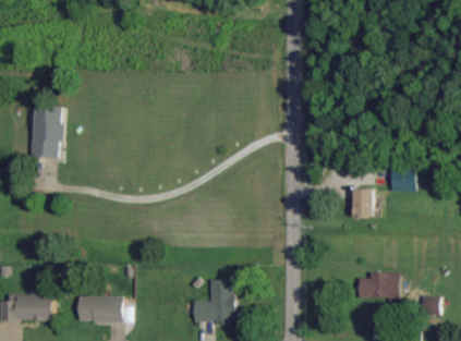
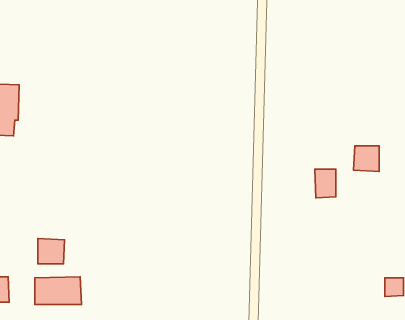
building: none -> [38,238,65,264]
building: [359,272,399,299] -> none
building: [193,280,233,322] -> none

